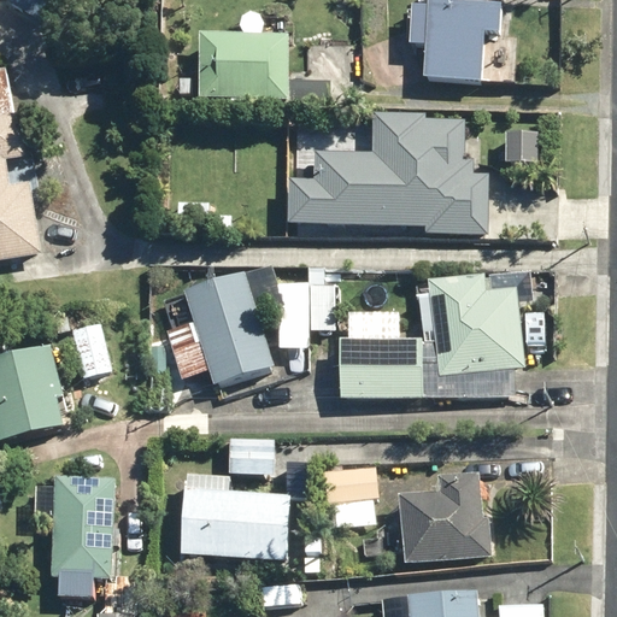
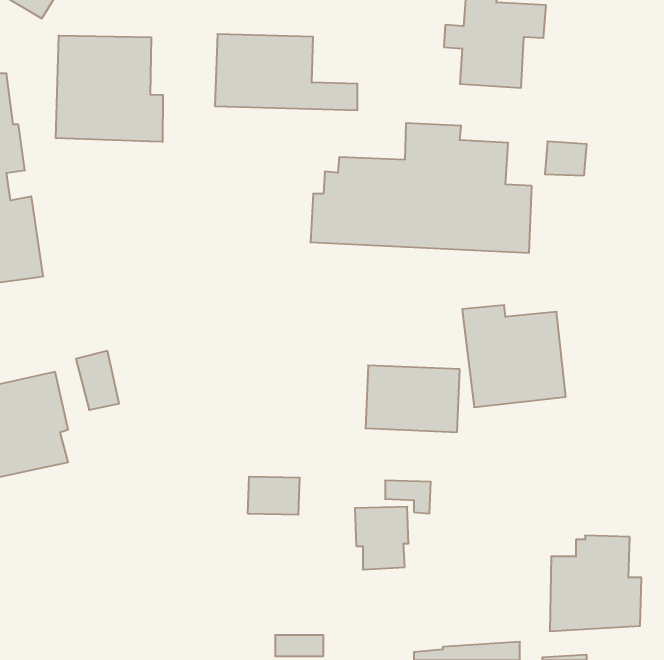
building: none -> [56,35,163,142]
building: [163,263,337,386] -> none
building: [180,469,304,557] -> none
building: [404,474,488,562] -> [550,536,641,631]
building: [51,475,117,595] -> none

